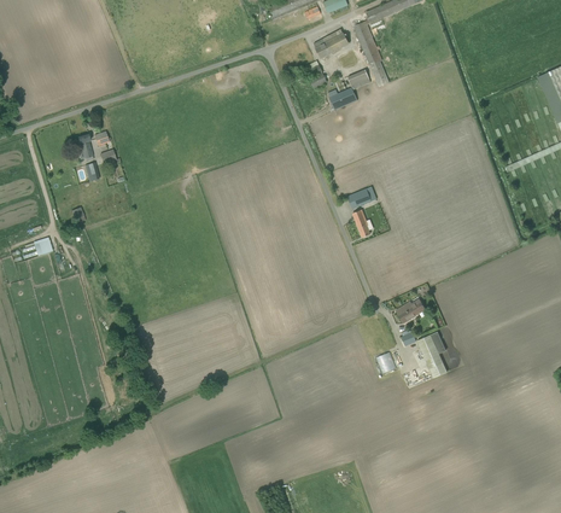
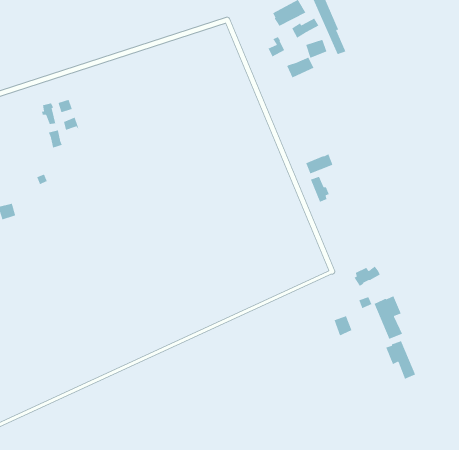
building: none -> [385,340,416,380]

